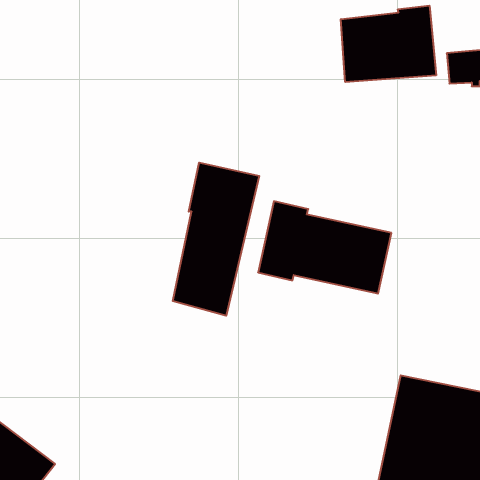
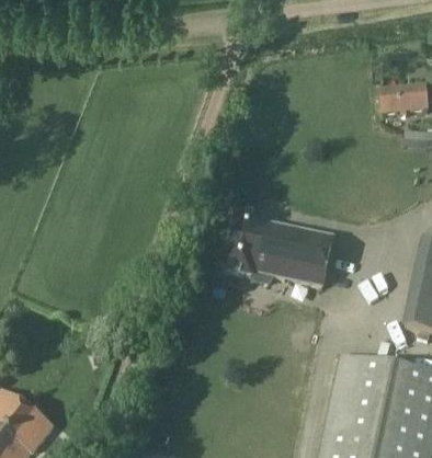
building: [341,6,436,82] -> none
building: [173,163,259,316] -> none

